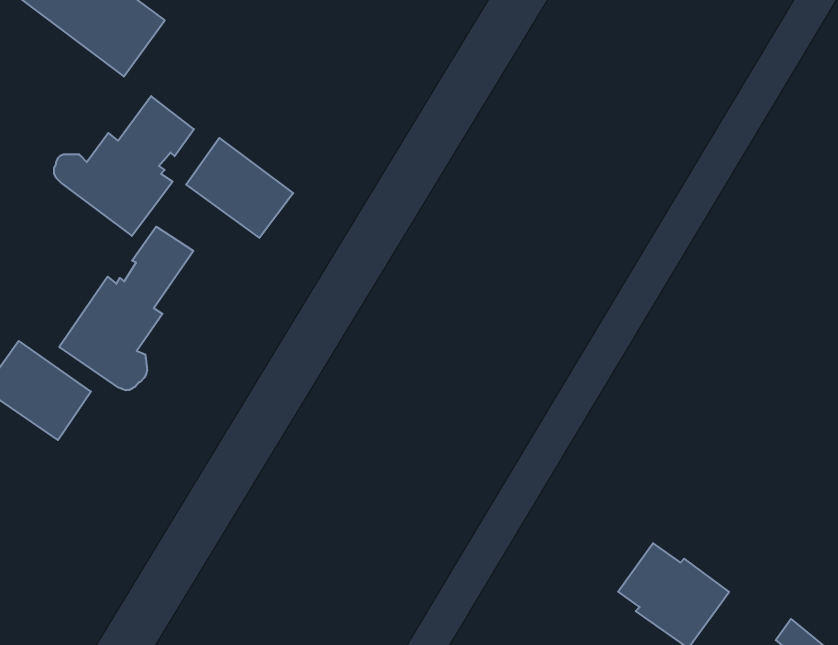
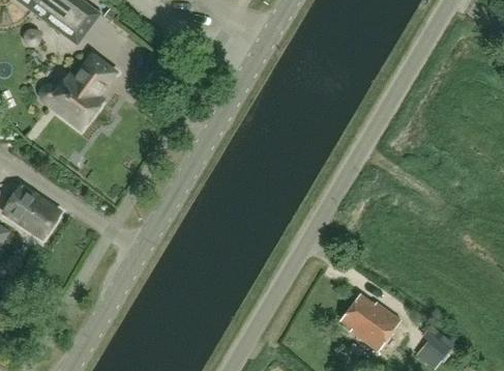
building: [186,138,293,238] -> none
building: [59,227,193,390] -> none

